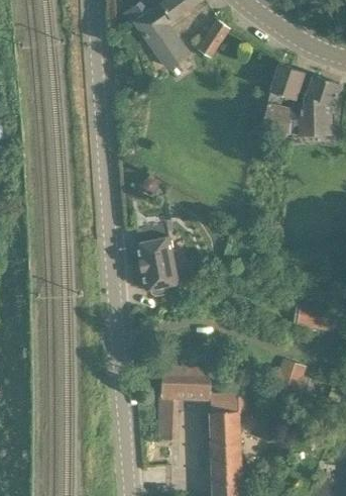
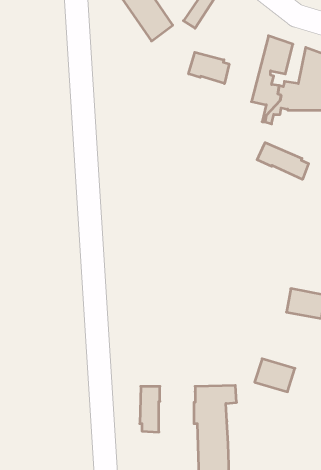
building: none -> [189,52,229,84]
building: none -> [257,143,309,179]
building: [136,224,179,290] -> none
building: [161,366,211,398] -> none

